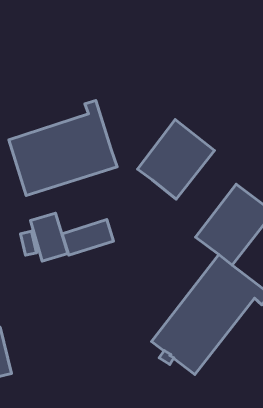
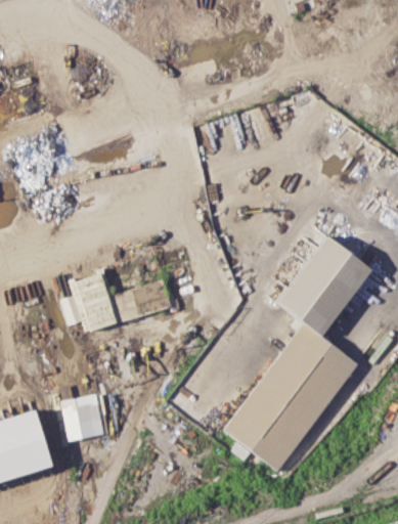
building: [9,100,117,196] -> none
building: [137,120,214,199] -> none
building: none -> [60,393,105,440]

